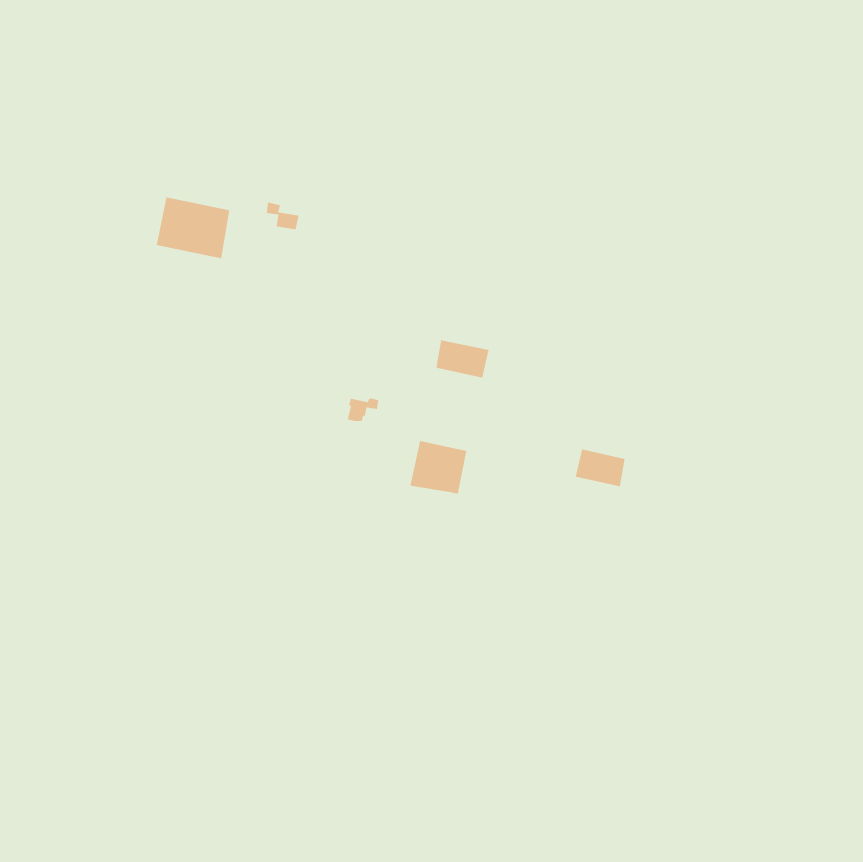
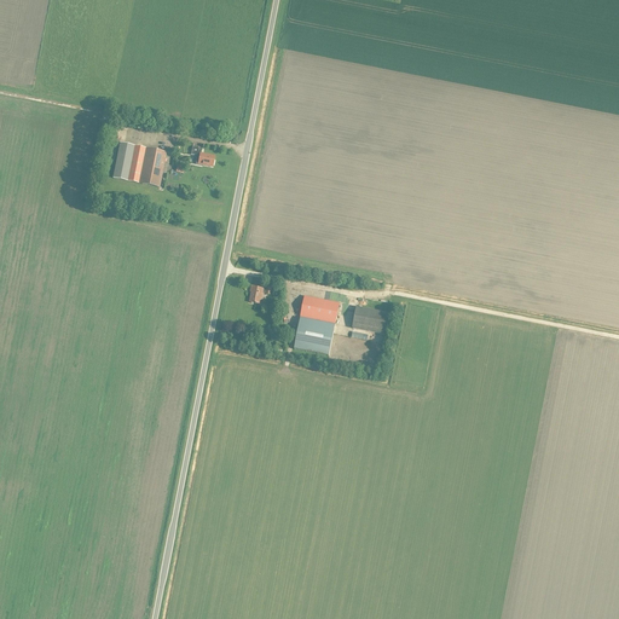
building: [436,340,490,378] -> [300,294,339,322]
building: [575,448,625,487] -> [352,305,388,332]

